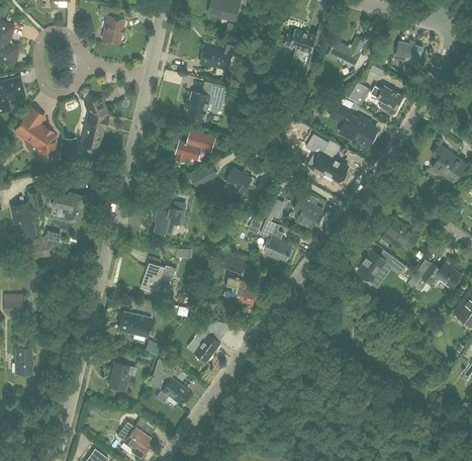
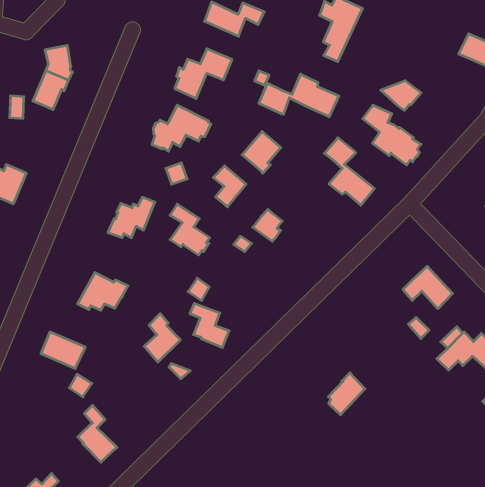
building: [328,36,363,64] -> none
building: [370,85,401,115] -> none
building: none -> [259,74,339,117]
building: none -> [242,131,281,173]
building: [293,196,321,229] -> none
building: [260,224,292,260] -> [170,204,210,255]
building: [358,250,384,282] -> [328,373,365,415]
building: [193,326,219,362] -> [144,314,180,362]
building: [108,363,128,389] -> none

